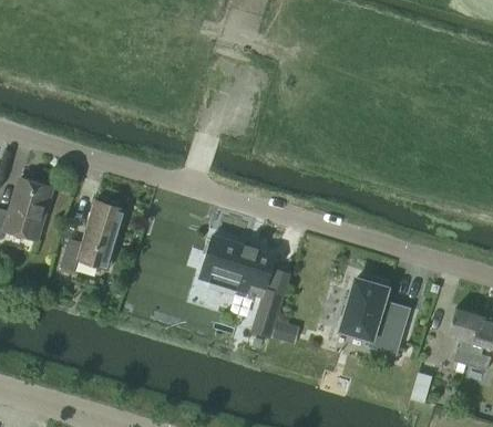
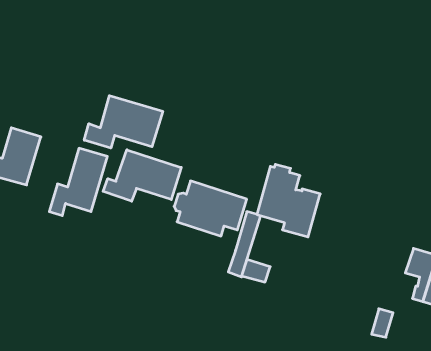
building: none -> [84,96,163,148]
building: none -> [103,150,181,201]
building: [340,277,409,355] -> [257,164,320,237]

